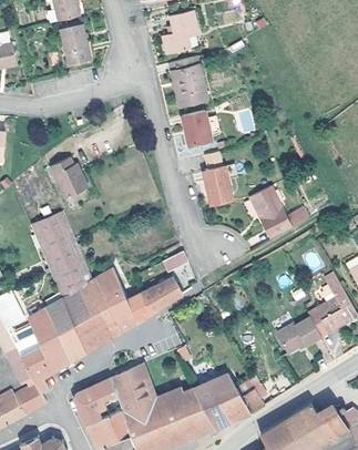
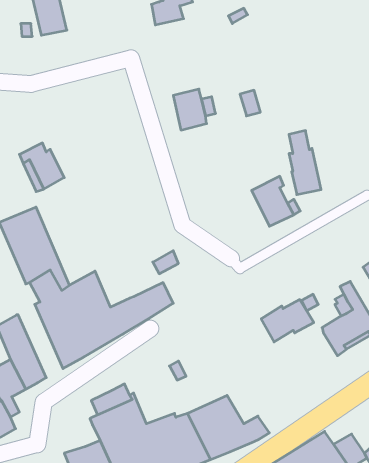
building: [168,57,207,106] -> none
building: [204,152,232,207] -> [289,131,321,195]
building: [48,297,86,360] -> none
building: [278,321,324,358] -> [261,300,314,342]
building: [74,380,116,426] -> none

